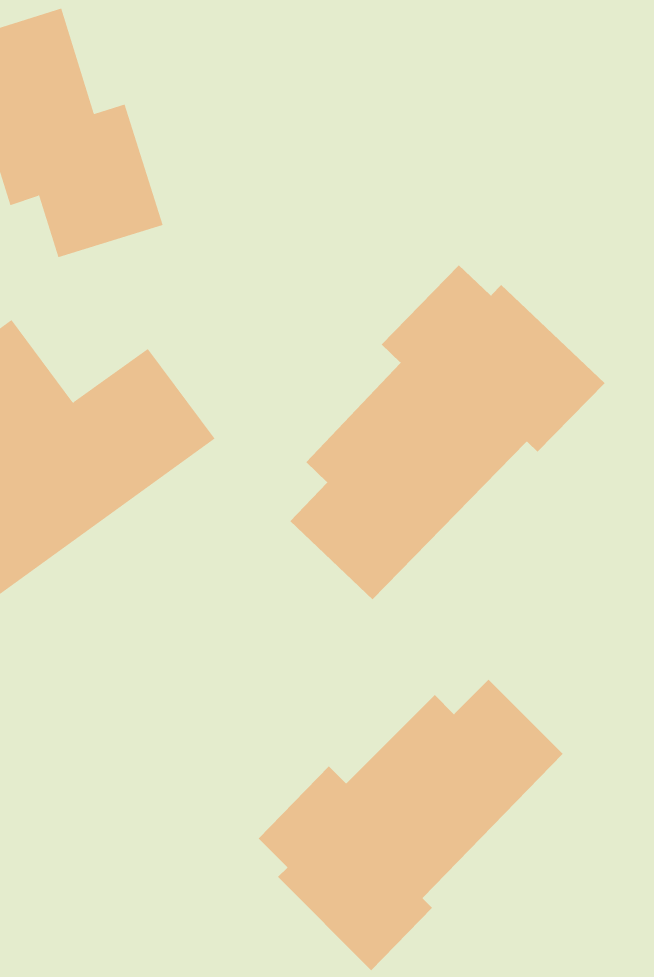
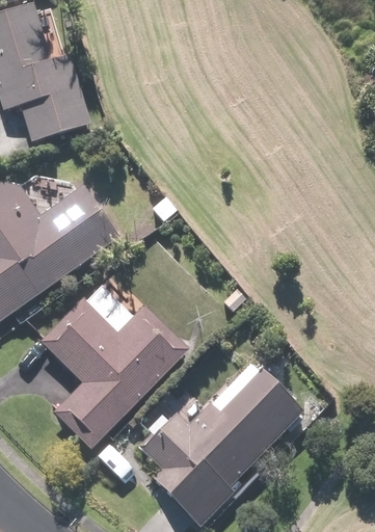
building: [290,265,605,600] -> none
building: none -> [39,297,190,449]

